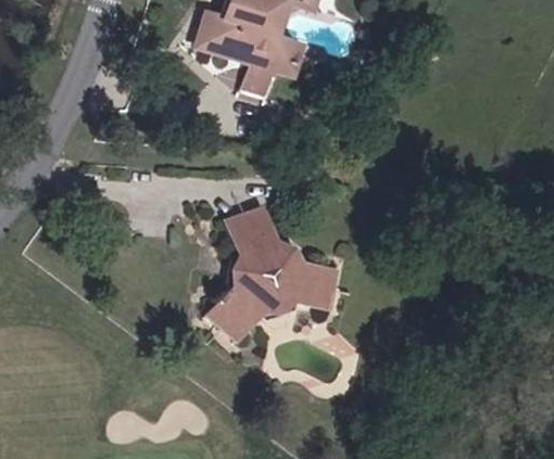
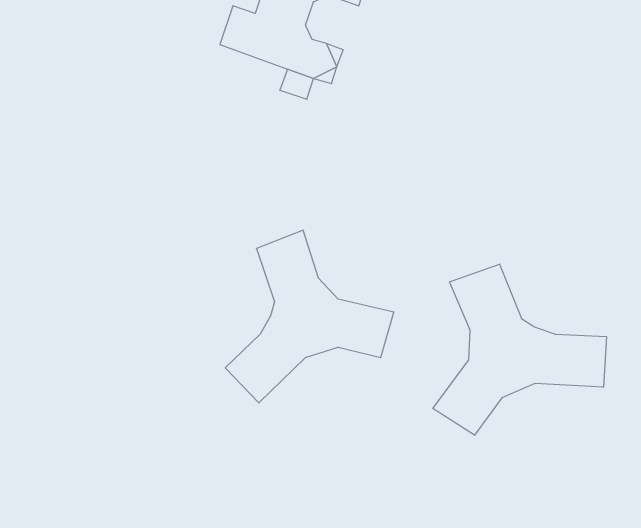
building: none -> [433,264,606,435]

